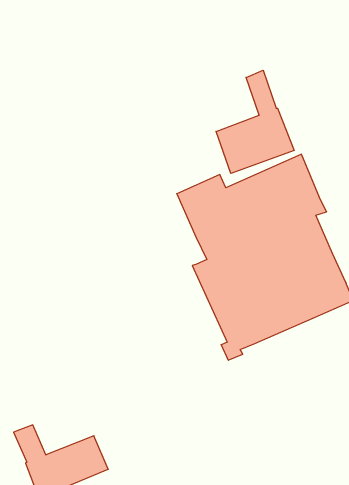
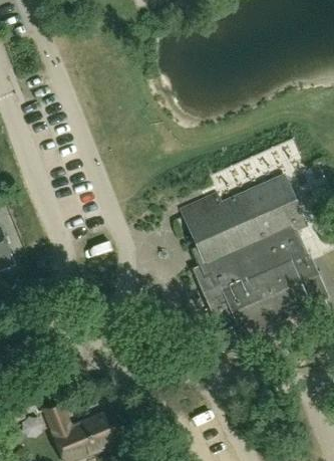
building: [216,70,294,173] -> none

